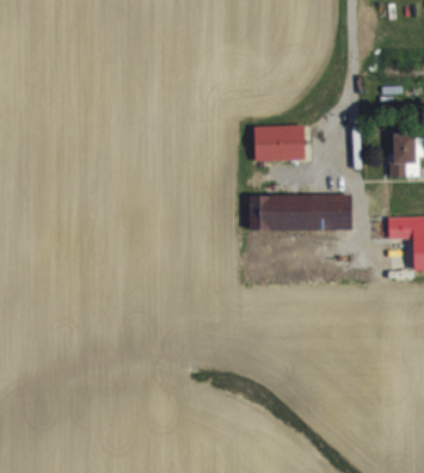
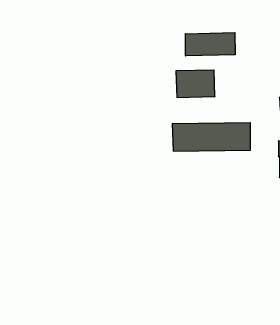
building: none -> [185,33,235,56]

